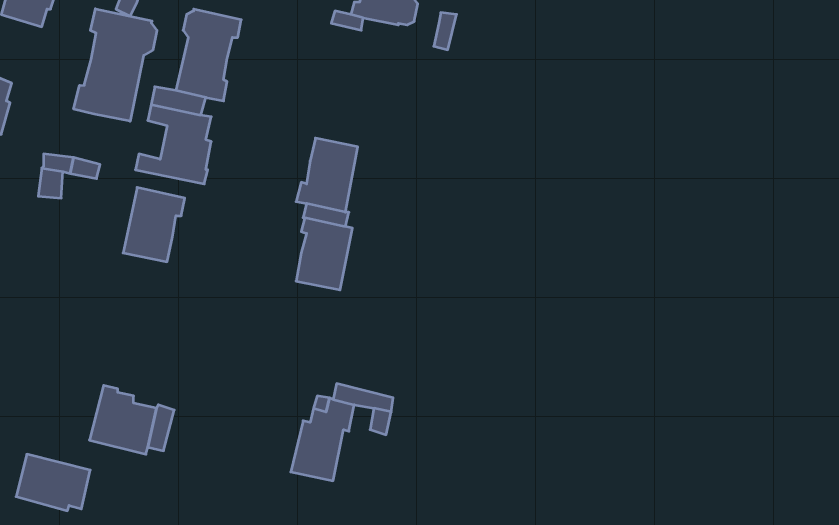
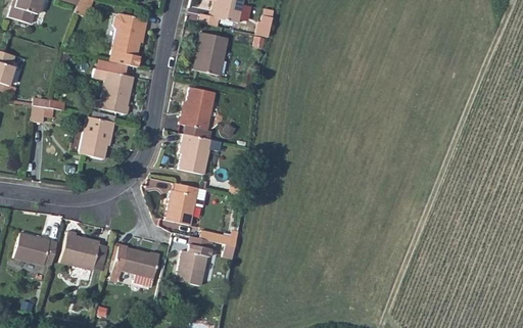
building: [74,9,157,121] -> none
building: none -> [196,32,228,76]
building: none -> [163,184,205,226]
building: none -> [109,243,159,287]
building: [16,454,90,511] -> [13,233,56,266]

